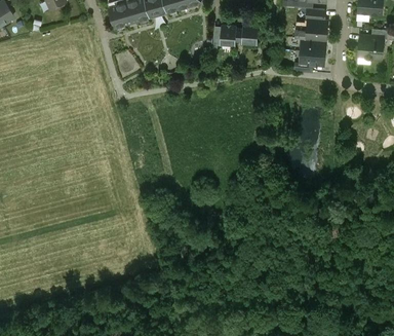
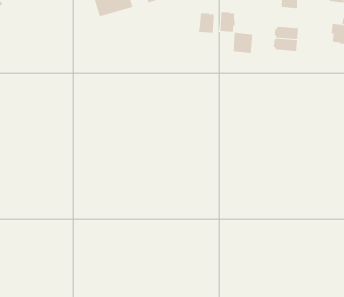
building: [307,17,328,40] -> [233,32,253,54]

